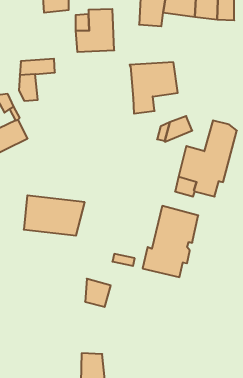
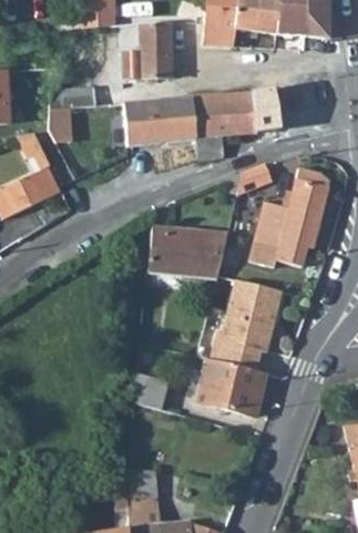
building: none -> [248,88,279,132]
building: none -> [123,98,196,145]
building: [24,195,85,236] -> [149,226,227,278]
building: none -> [195,358,266,416]

